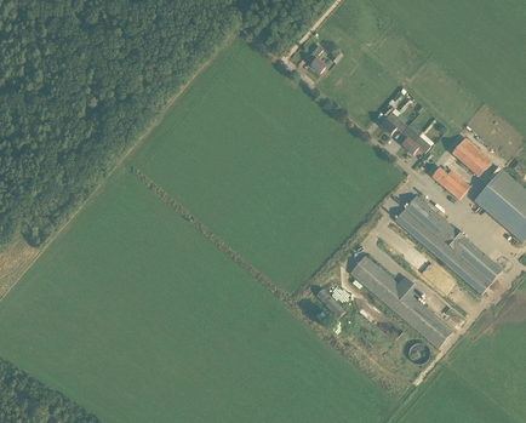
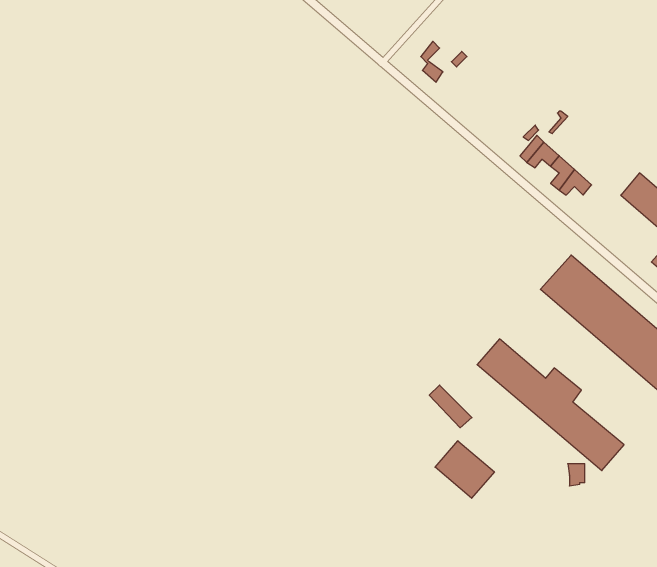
building: [431,166,469,199] -> none
building: none -> [435,441,494,498]

